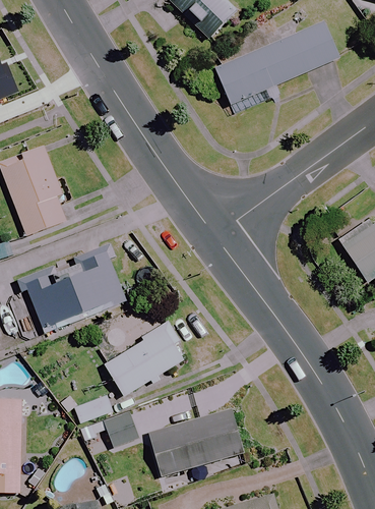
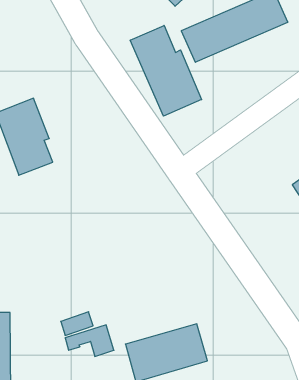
building: none -> [130,25,202,116]
building: [15,262,124,332] -> none
building: [104,320,183,395] -> none

